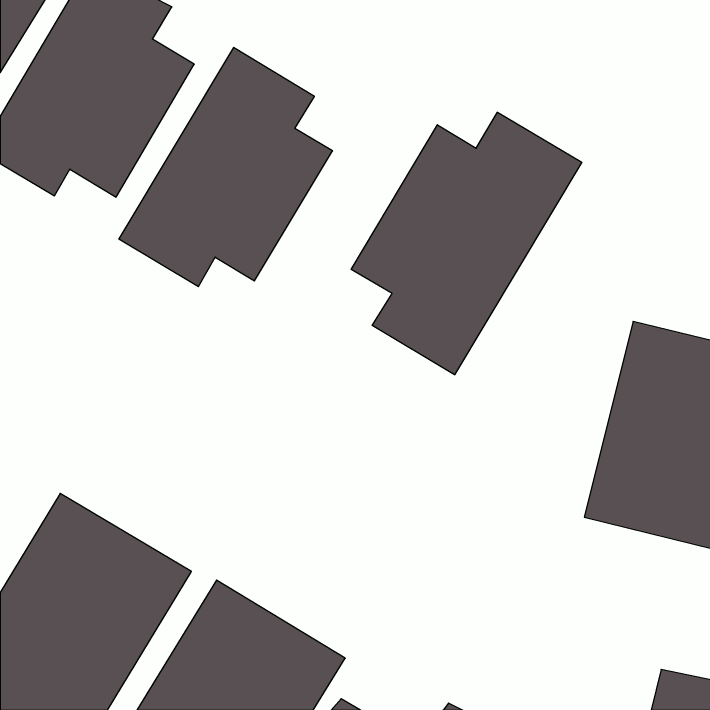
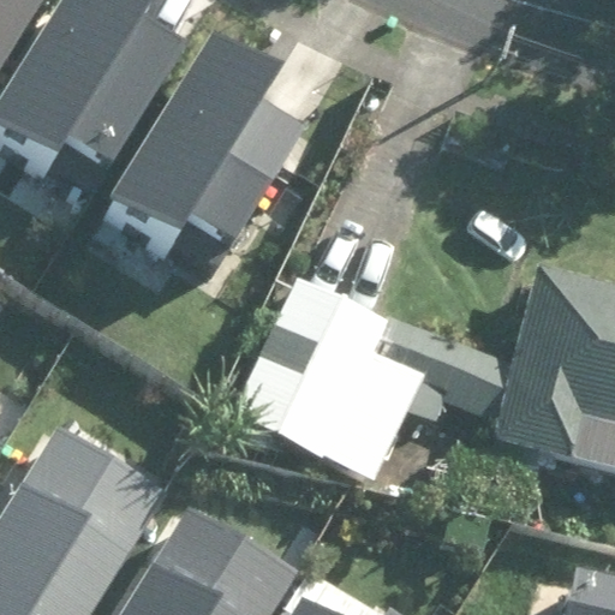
building: [351,112,582,375] -> none
building: none -> [235,283,464,480]

